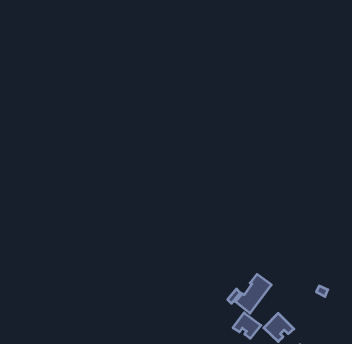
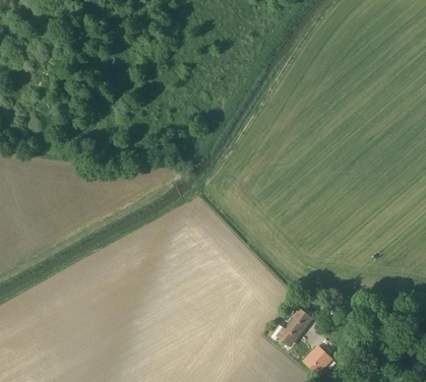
building: [233,313,261,338] -> none

